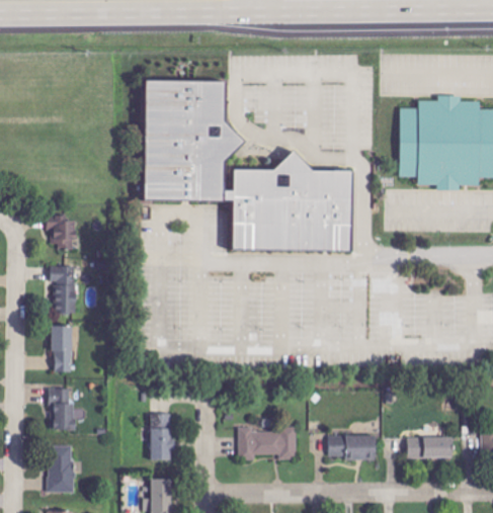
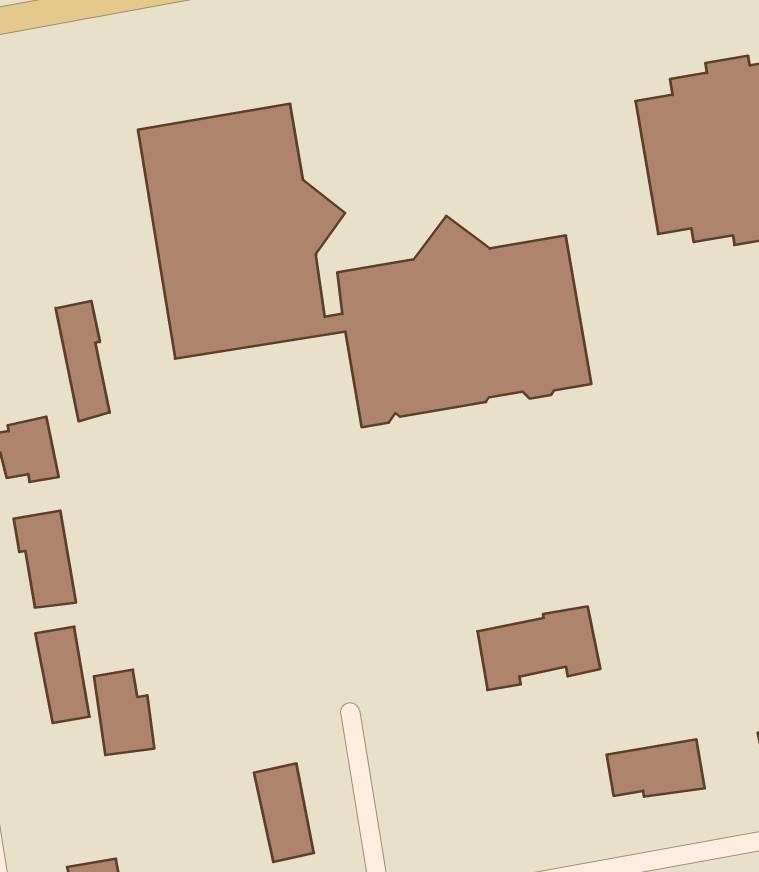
building: none -> [56,301,110,421]
building: [48,390,74,431] -> [94,670,154,755]
building: [237,427,296,460] -> [477,607,600,690]

